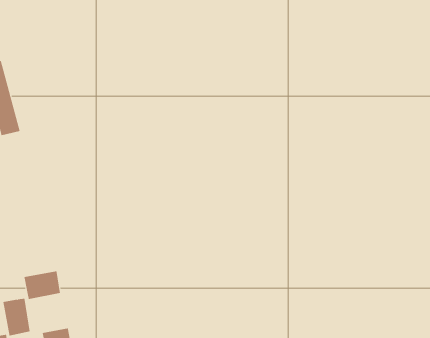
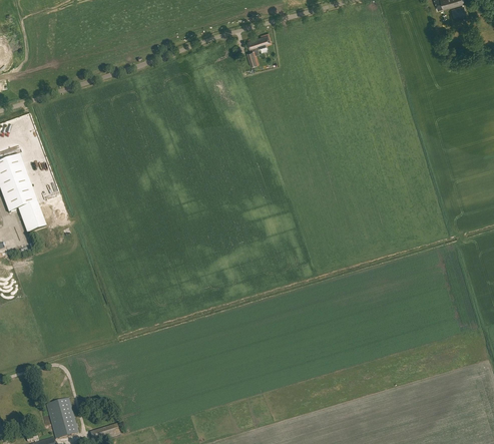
building: [24,270,60,300] -> none

